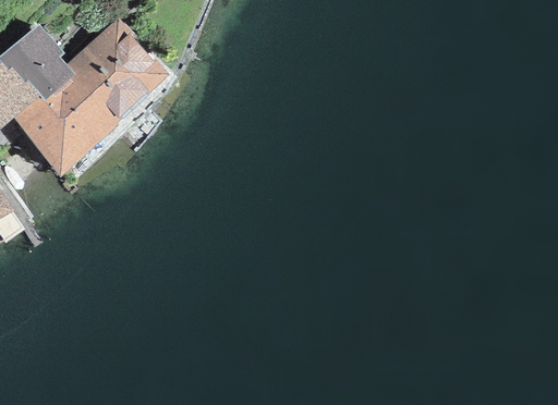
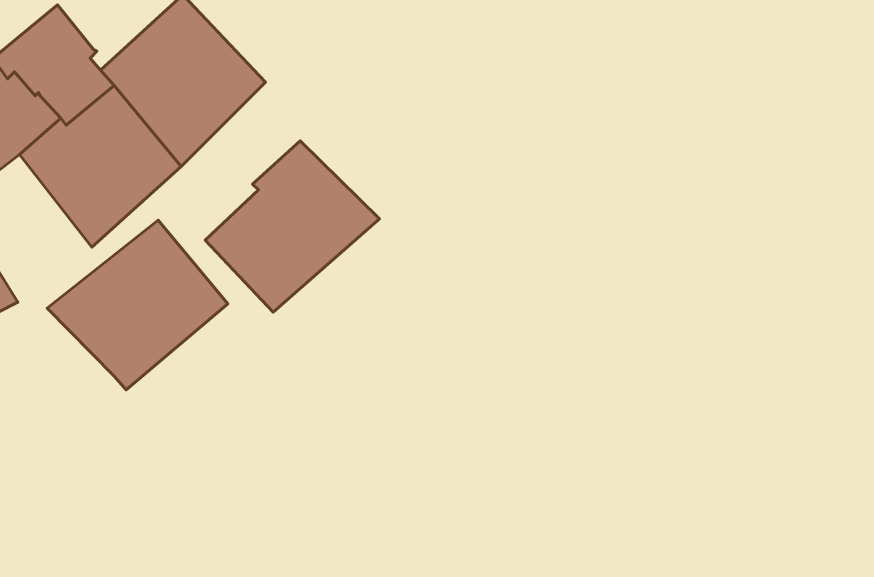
building: none -> [205,141,380,312]
building: none -> [47,220,228,390]

